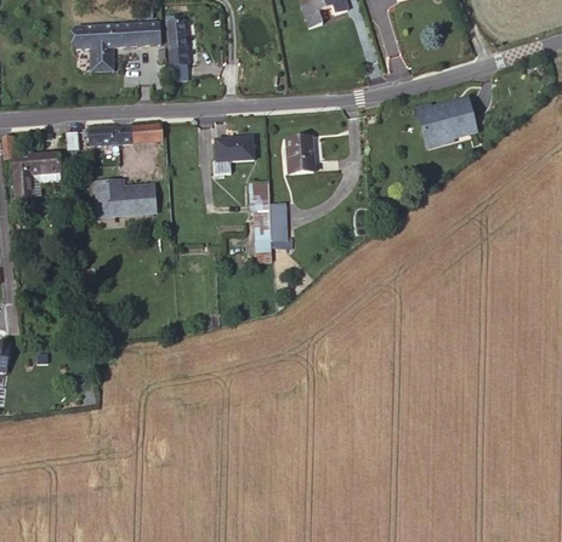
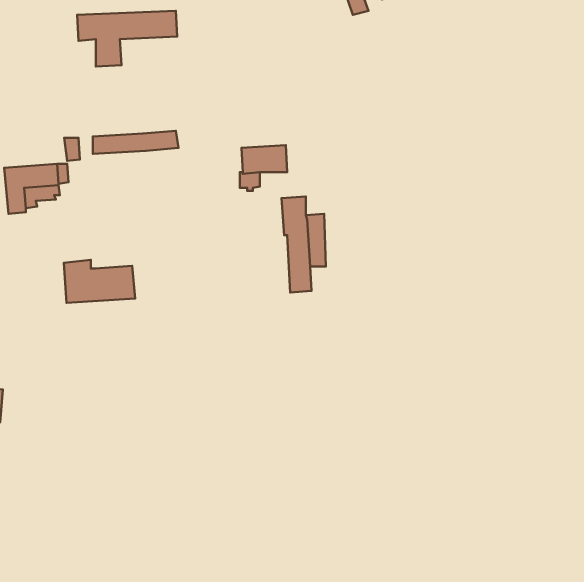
building: [166,21,187,64] -> none
building: [419,99,475,143] -> none
building: [286,137,314,173] -> none
building: [96,179,157,216] -> [64,260,135,303]

